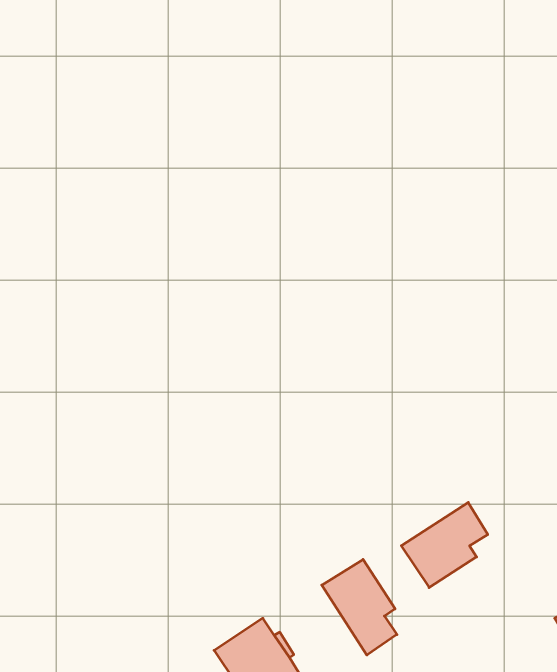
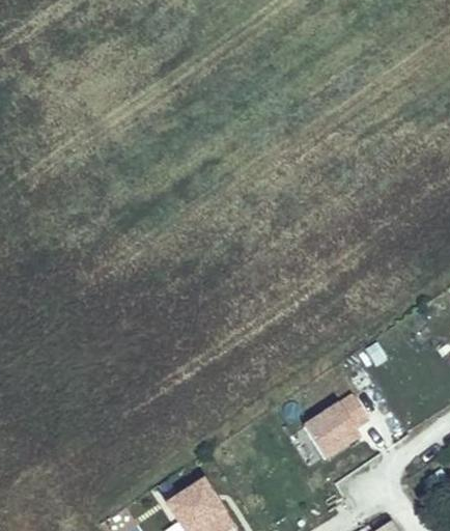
building: [322,559,397,655] -> none

